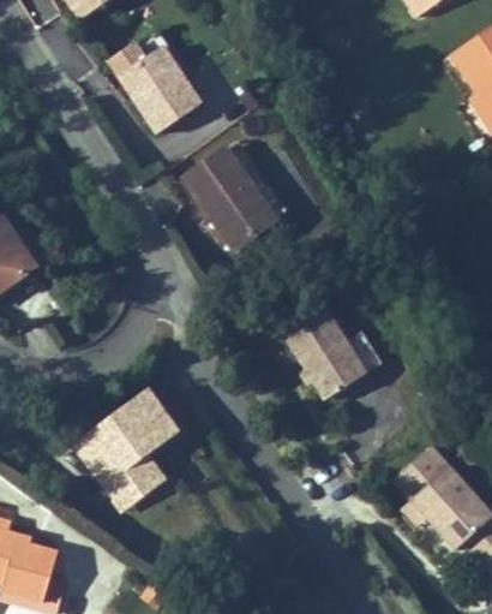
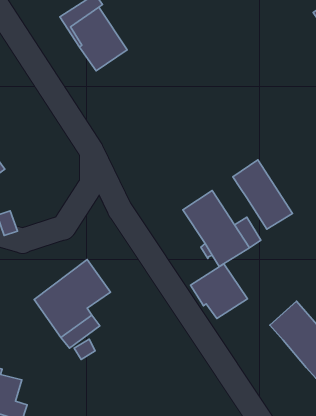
building: [184,147,276,248] -> none
building: none -> [233,160,293,229]
building: none -> [191,264,248,319]

